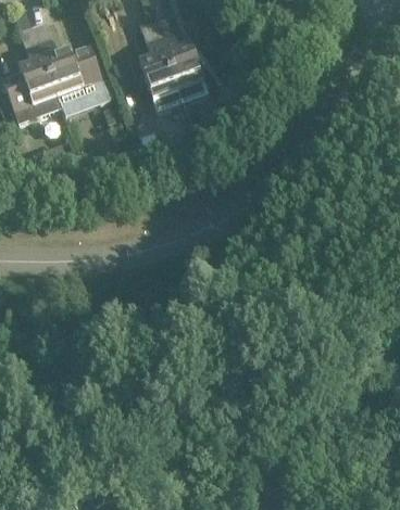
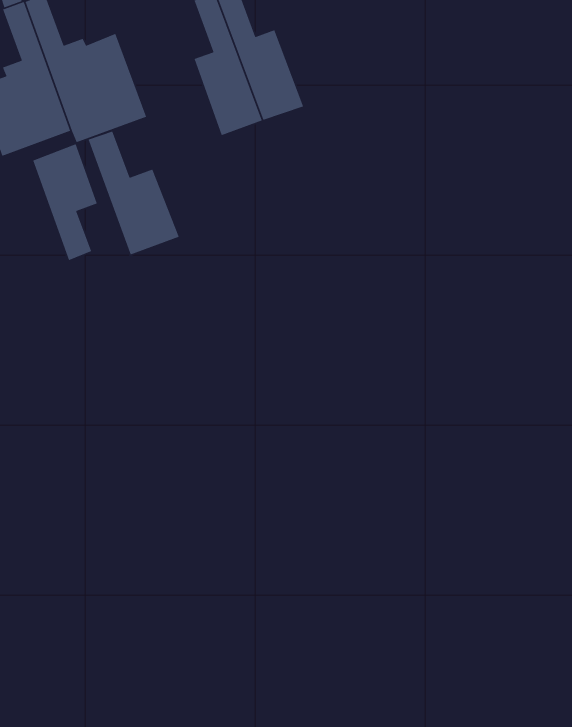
building: none -> [88,131,180,255]
building: none -> [32,143,98,261]

